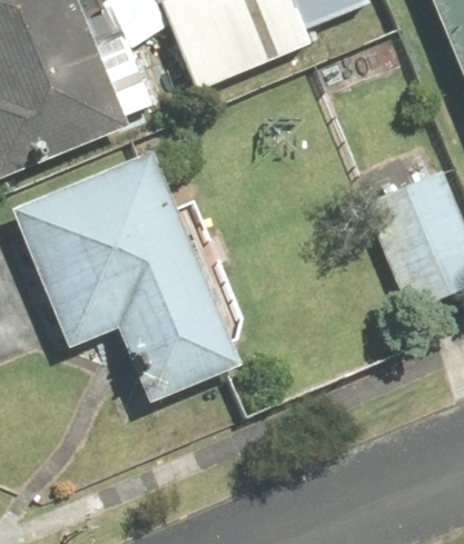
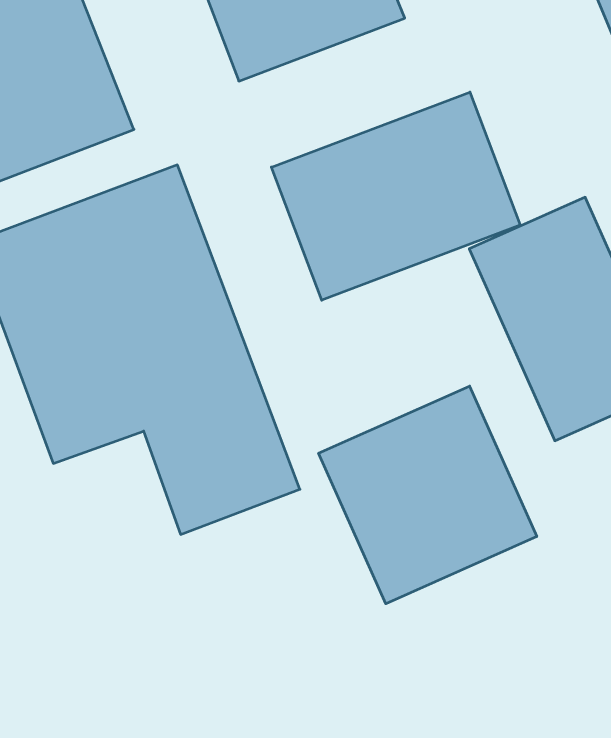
building: none -> [271,92,520,300]
building: none -> [319,386,537,604]

